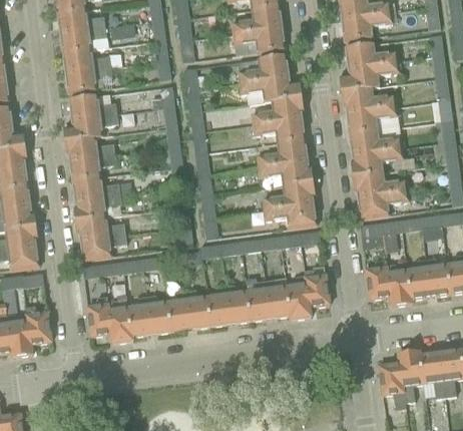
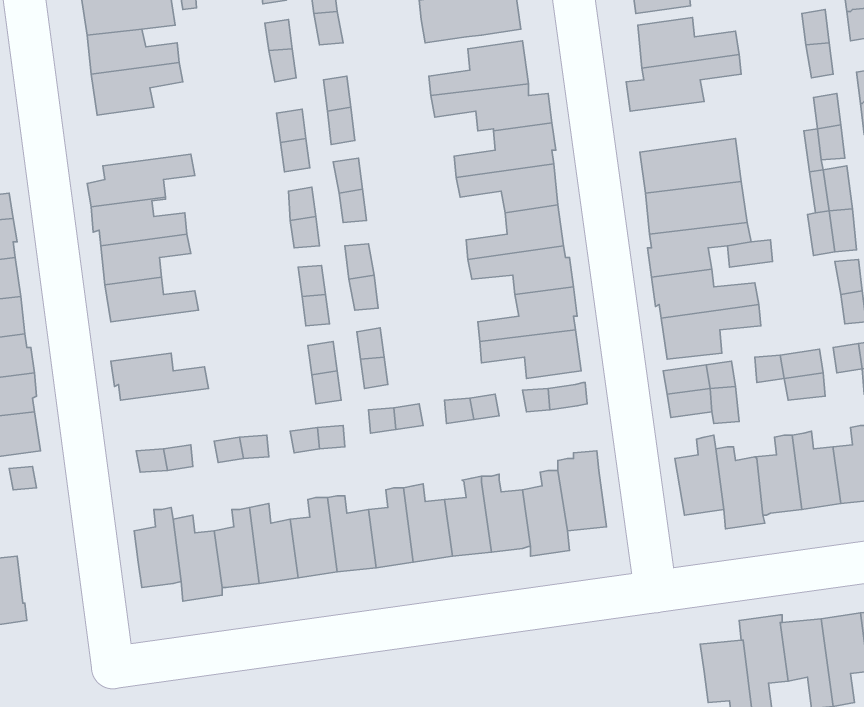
building: [341,87,395,112] -> none
building: [68,95,115,119] -> none
building: [73,193,120,220] -> none
building: [79,234,125,260] -> none
building: [24,304,50,344] -> none

